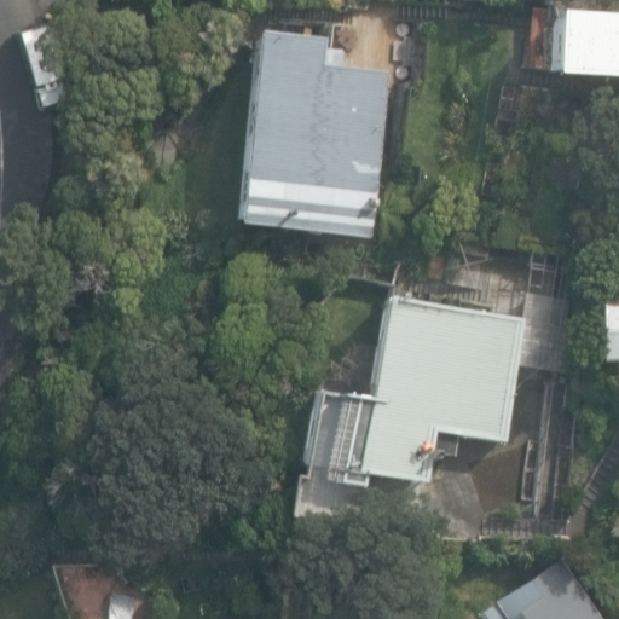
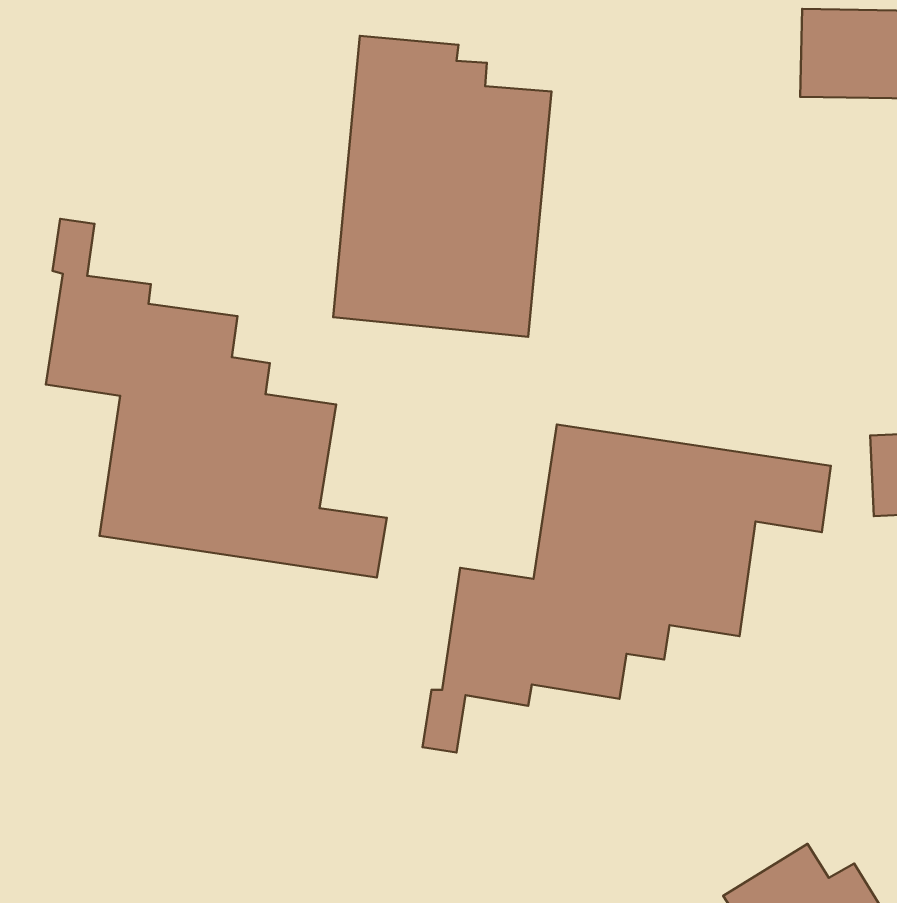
building: none -> [46,219,387,578]

